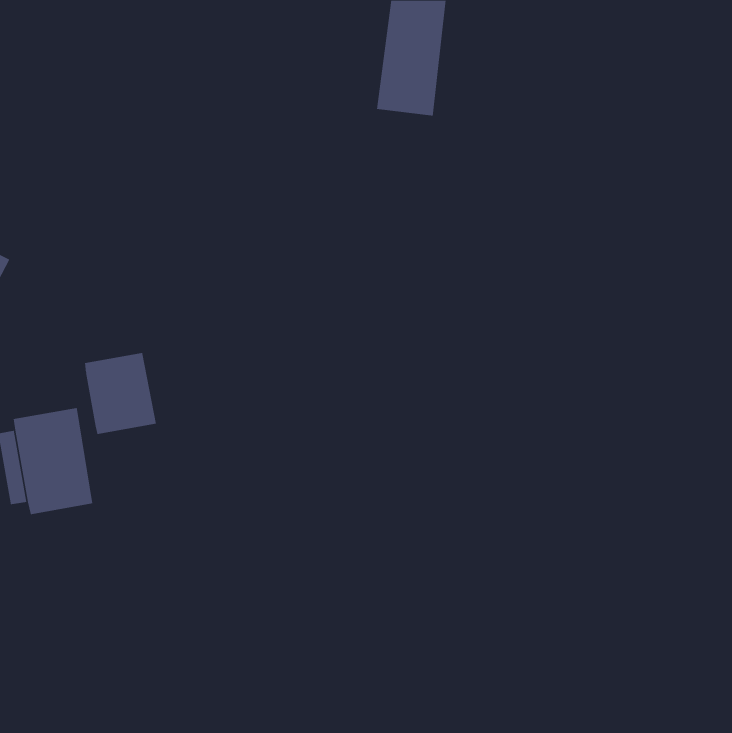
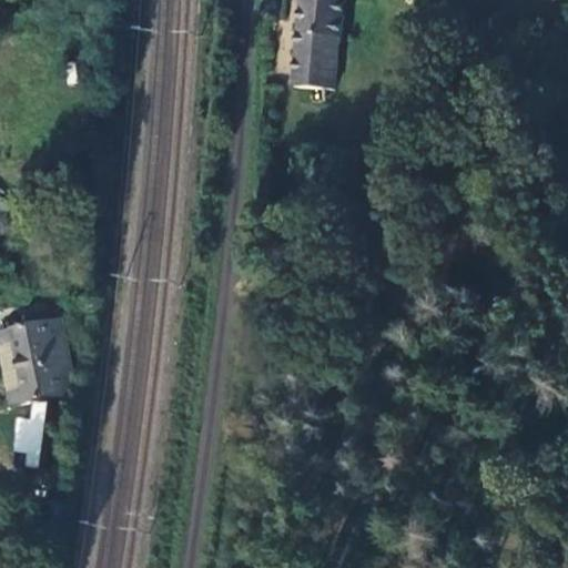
building: [84,352,156,435] -> none
building: none -> [10,400,44,460]

